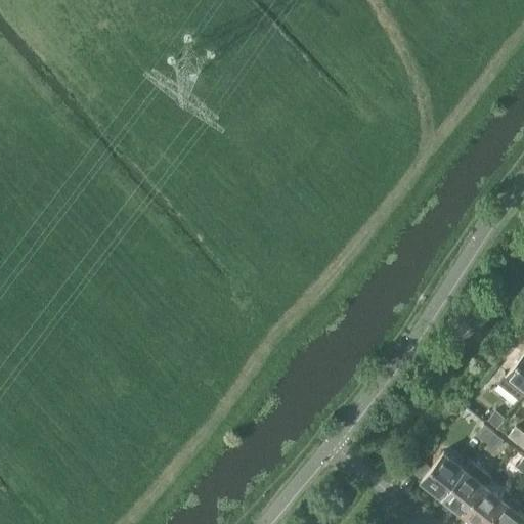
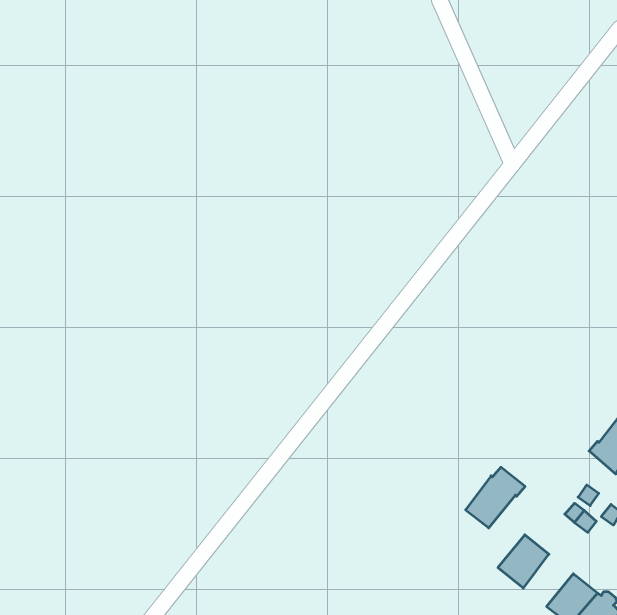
building: [444,465,494,516] -> [466,467,525,528]

